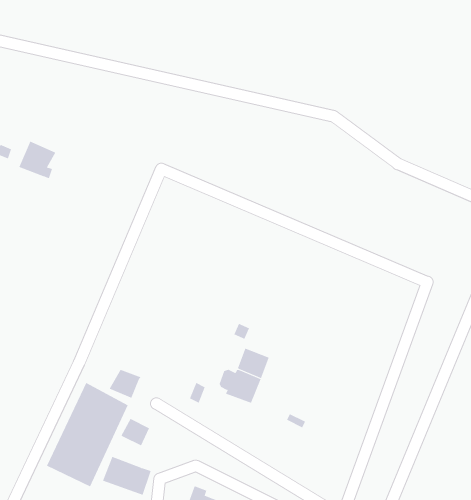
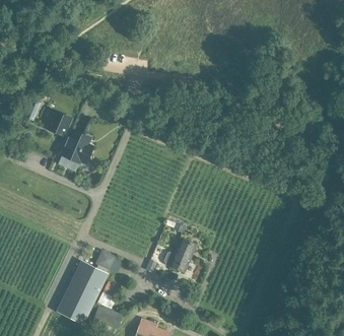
building: none -> [55,127,85,160]

